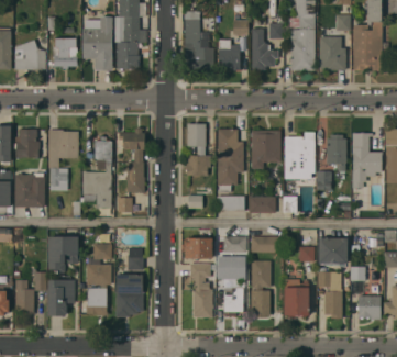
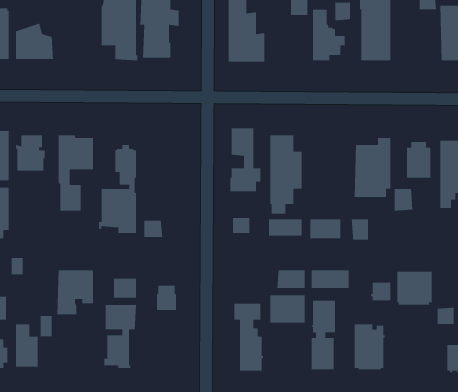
building: [318,36,345,70] -> none
building: [52,37,76,68] -> none
building: [218,40,240,70] -> none
building: [117,127,145,192] -> none
building: [251,130,280,169] -> none
building: [14,172,44,207] -> none
building: [183,238,211,258] -> none
building: [318,271,342,320] -> none
building: [115,274,143,316] -> none
building: [47,280,74,315] -> none
building: [223,287,243,316] -> none

